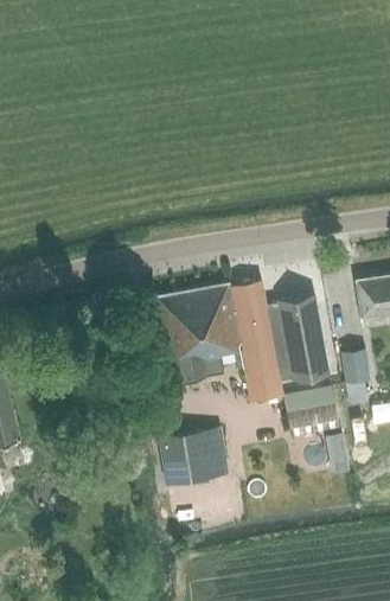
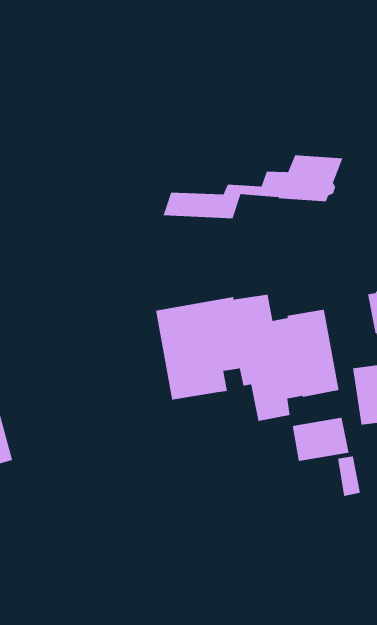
building: none -> [163,154,343,219]
building: [158,429,228,488] -> none

